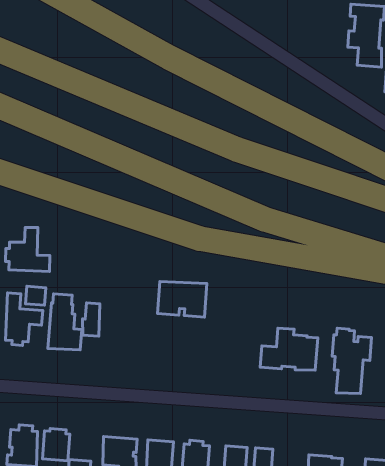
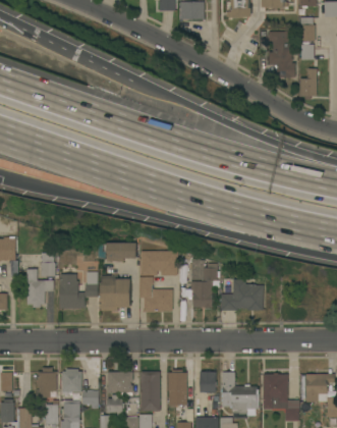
building: [6,228,50,272] -> none
building: none -> [106,244,135,262]
building: none -> [100,275,130,311]
building: none -> [139,278,172,312]
building: [332,328,372,393] -> [188,259,217,308]

